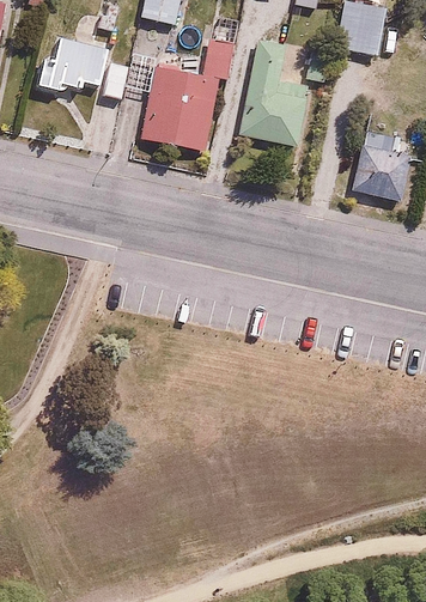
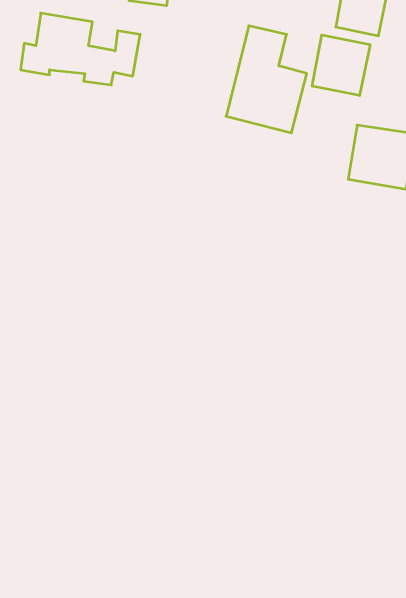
building: [138,41,237,153] -> none
building: none -> [312,35,370,96]

